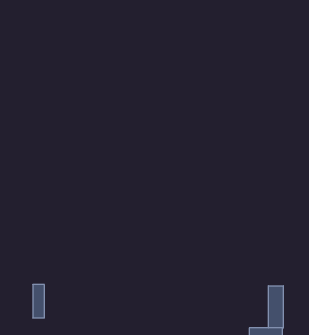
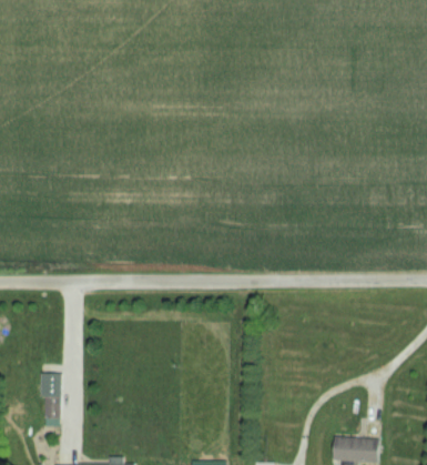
building: [268,286,283,328] -> none

